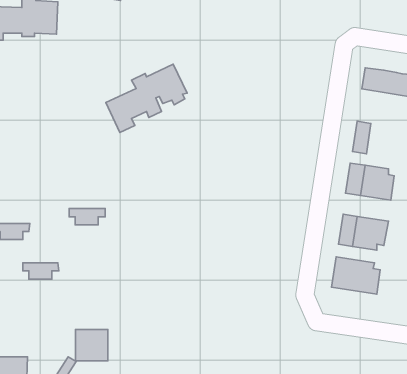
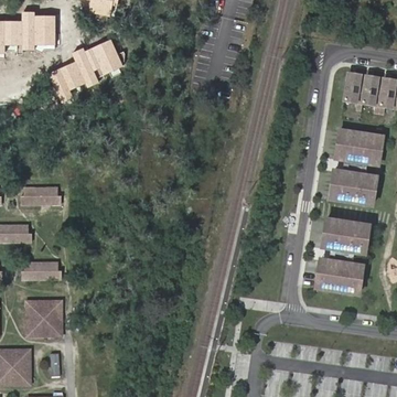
building: [106,64,187,133] -> [46,36,124,101]
building: none -> [350,130,384,162]
building: [69,209,105,225] -> [23,187,57,203]
building: [75,330,108,361] -> [26,302,57,332]

